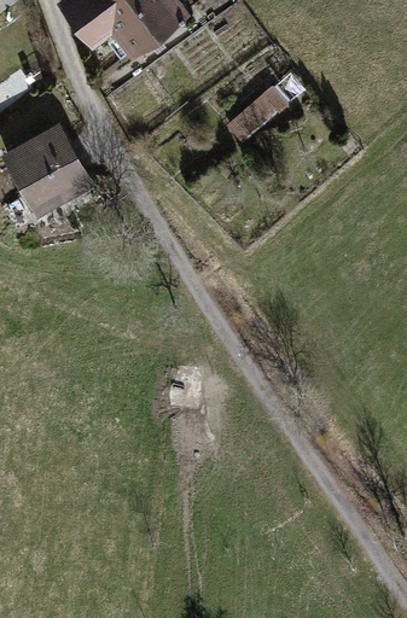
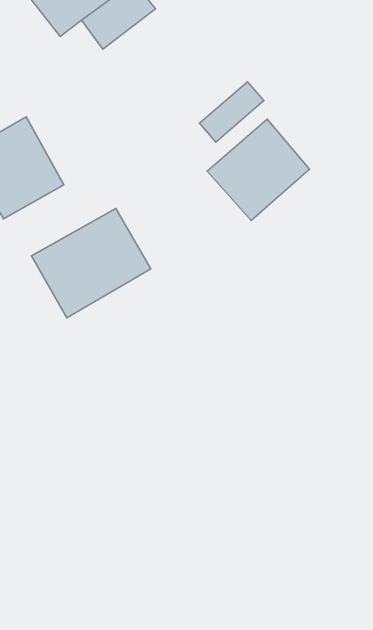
building: none -> [207,119,310,220]
building: none -> [32,209,151,318]

